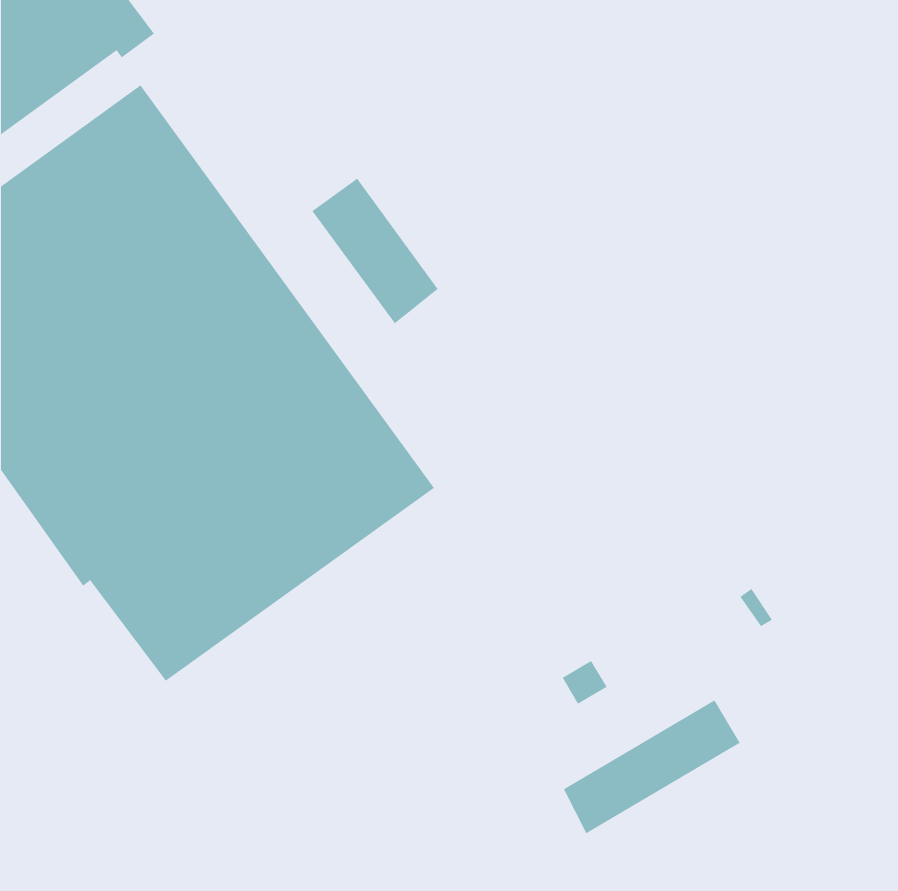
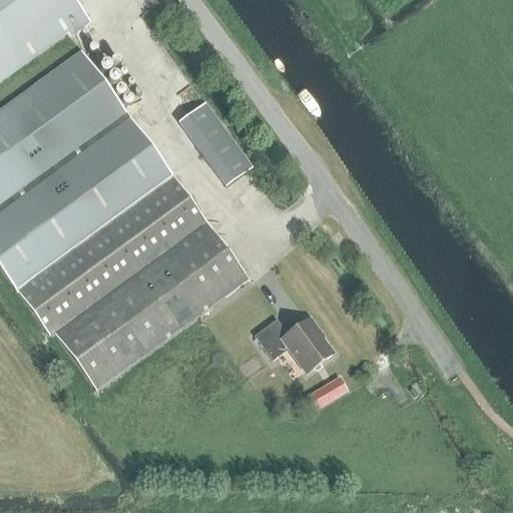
building: none -> [254,317,333,372]
building: [563,699,740,834] -> none

